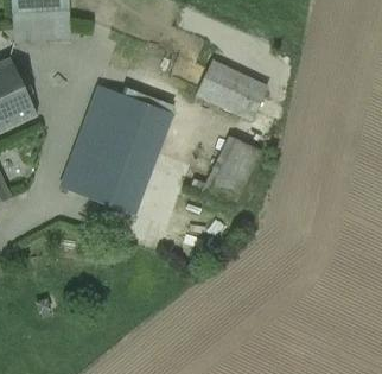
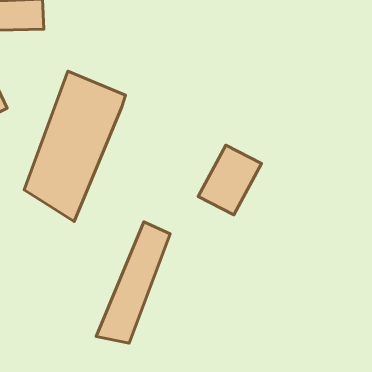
building: [197,62,267,118] -> none
building: [102,110,168,220] -> [96,222,170,343]

